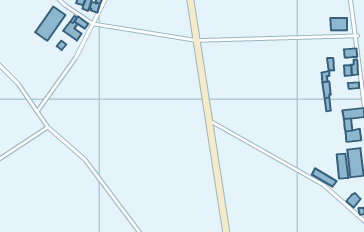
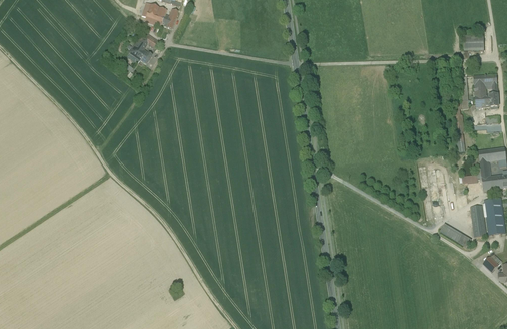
building: [35,7,65,41] -> none

